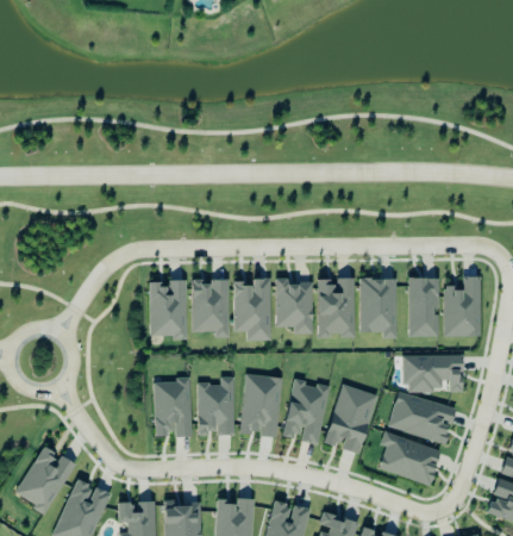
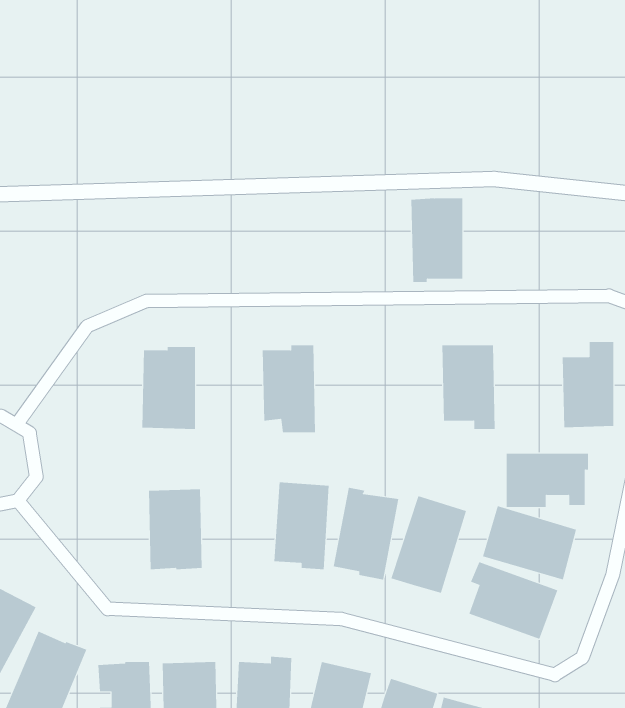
building: [276,278,313,335] -> none
building: [408,278,439,337] -> none
building: [318,279,355,338] -> [411,198,463,283]
building: [192,280,230,338] -> none
building: [196,378,234,436] -> none

